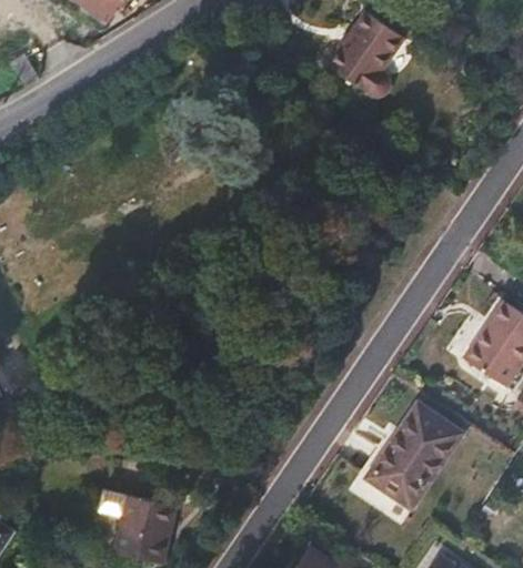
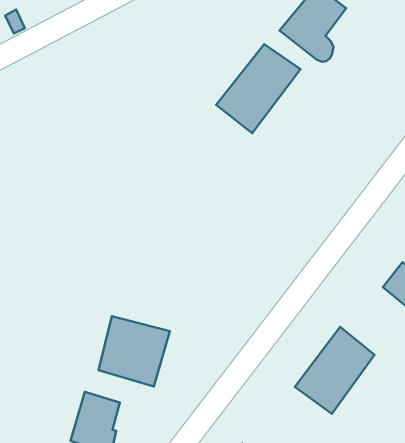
building: none -> [216,44,300,133]
building: none -> [98,316,170,387]

